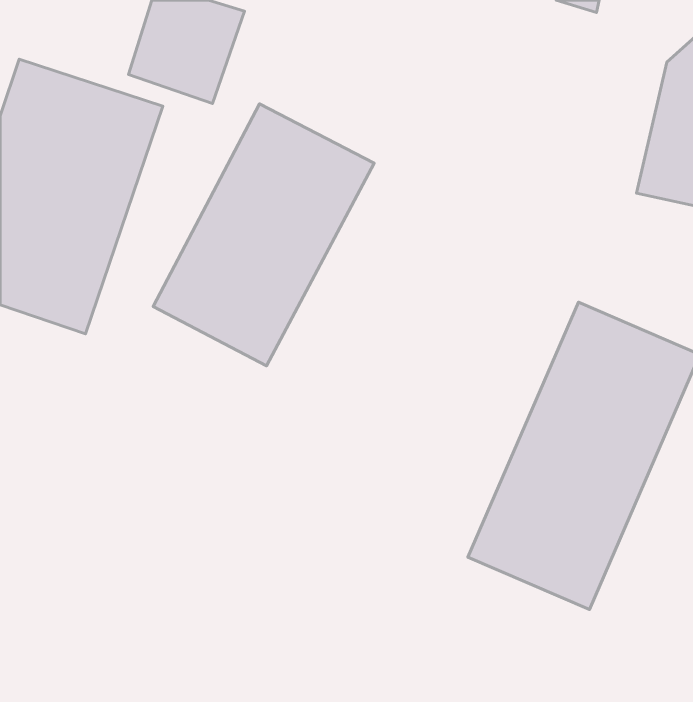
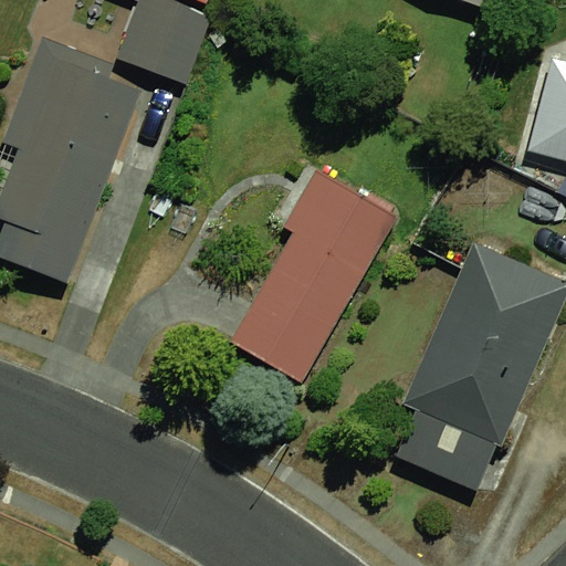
building: [153,104,374,366] -> [228,167,405,377]

